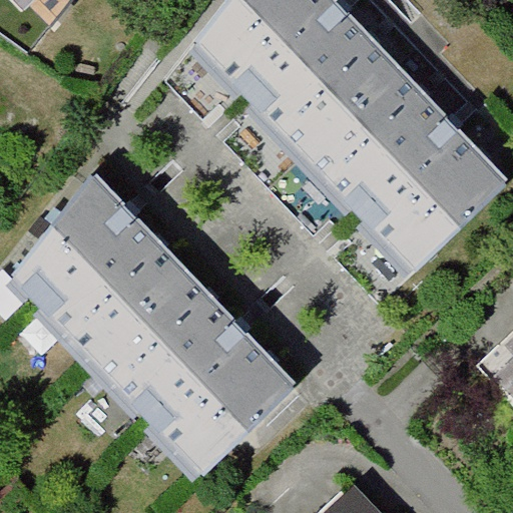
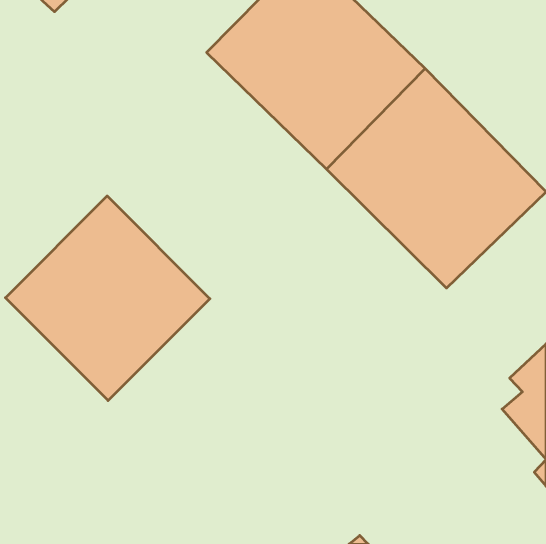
building: [101,280,295,473] -> none

